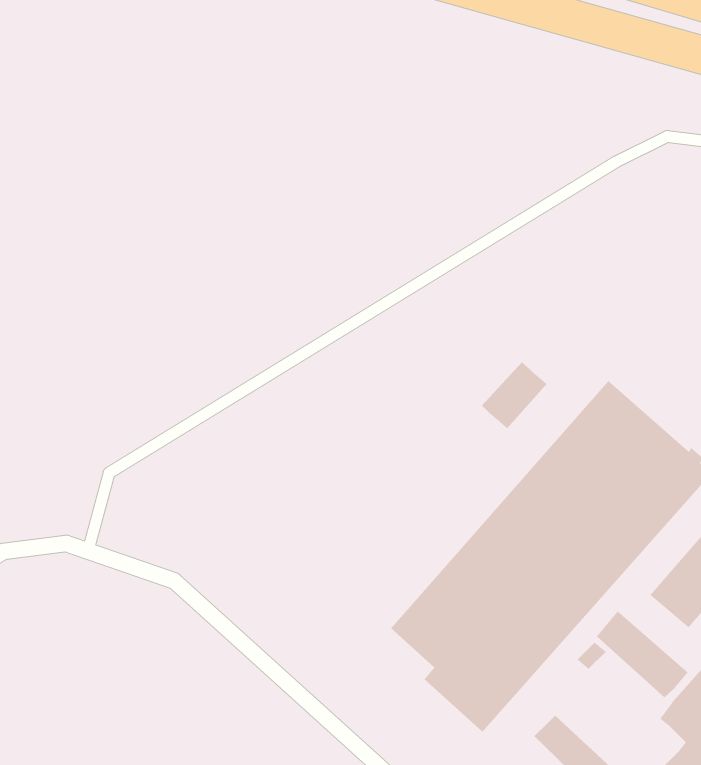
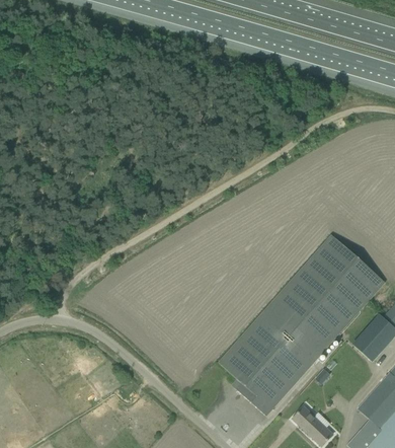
building: [481,362,547,429] -> none
building: [596,611,688,698] -> none

